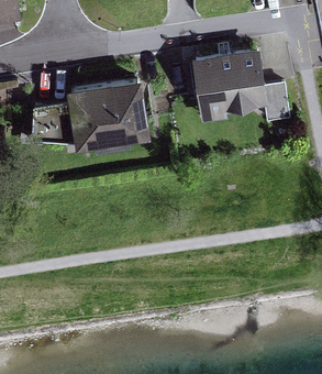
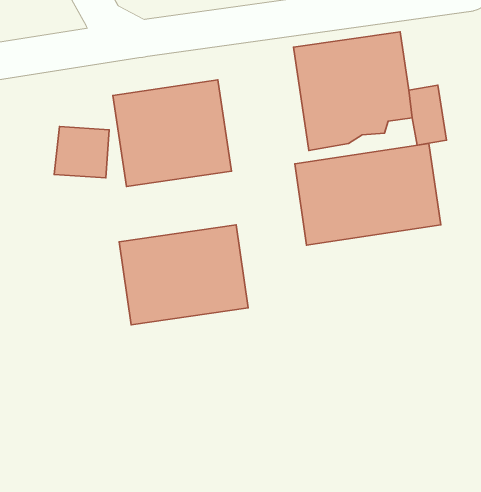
building: none -> [295,144,441,245]
building: none -> [119,225,248,325]

